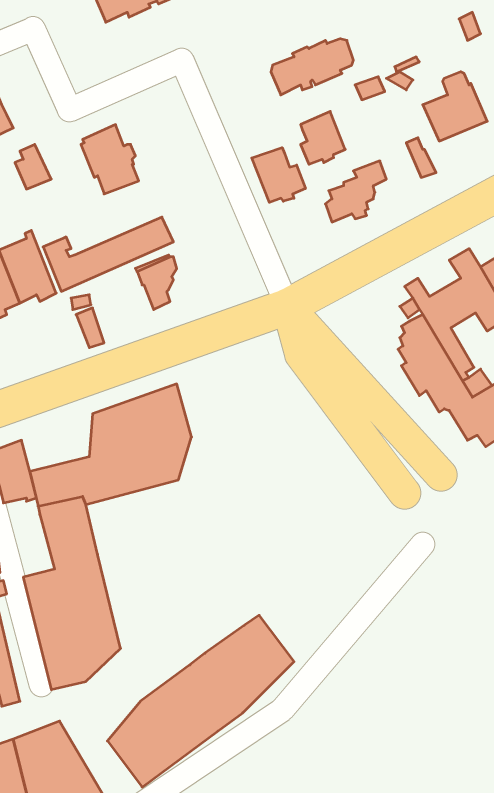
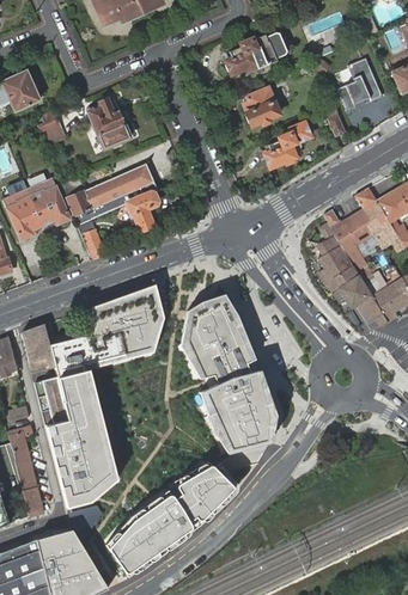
building: [252,148,305,202] -> none
building: none -> [181,292,276,453]
building: none -> [35,379,68,424]

